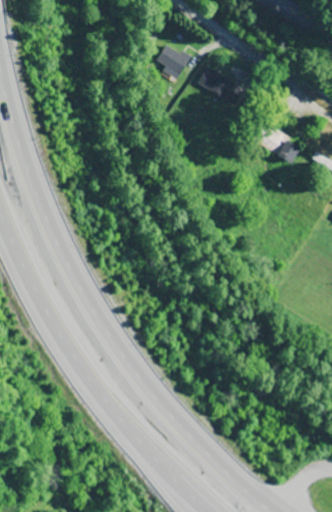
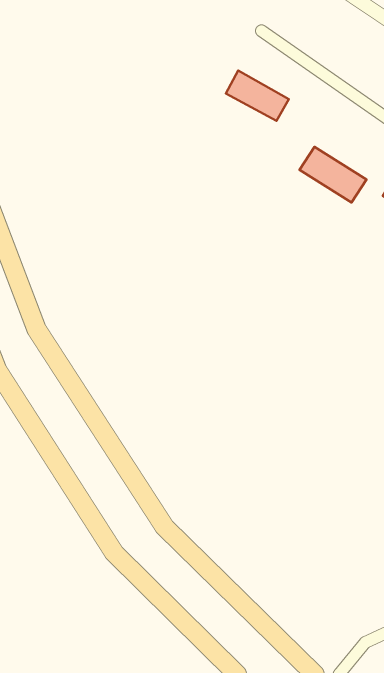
building: [156,42,189,74] -> none

